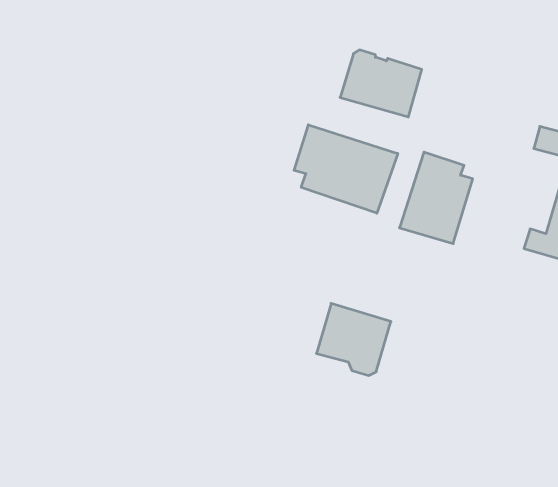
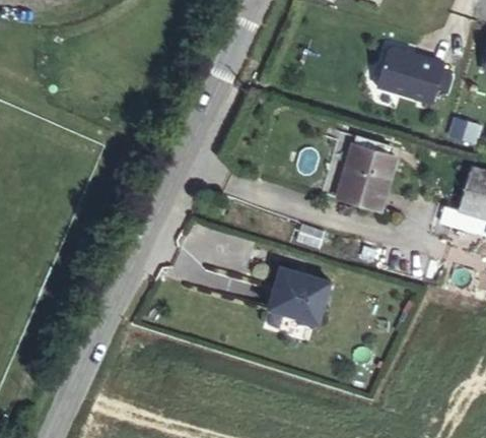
building: [340,50,422,117] -> [375,46,443,102]
building: [294,125,398,213] -> none

